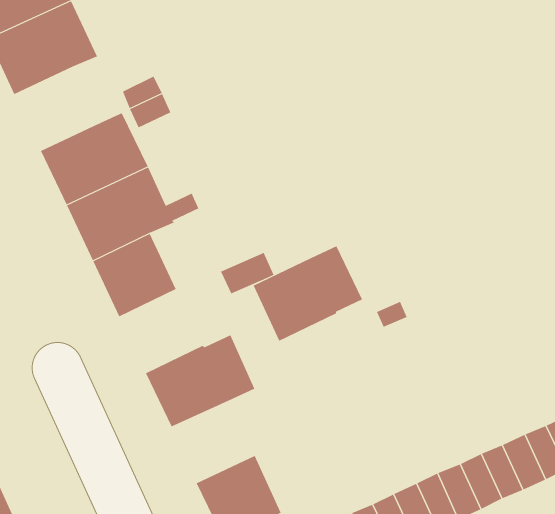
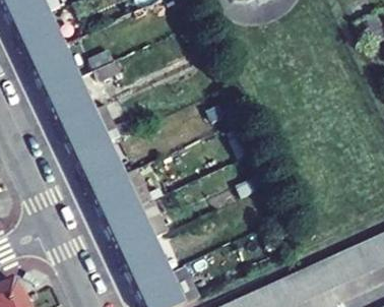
building: none -> [30,43,80,91]
building: [253,245,363,342] -> [91,165,155,221]
building: none -> [122,237,181,285]

